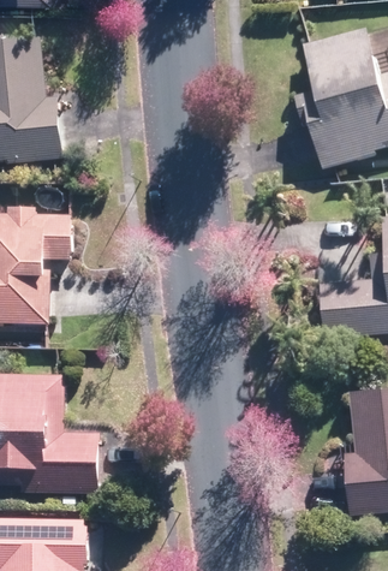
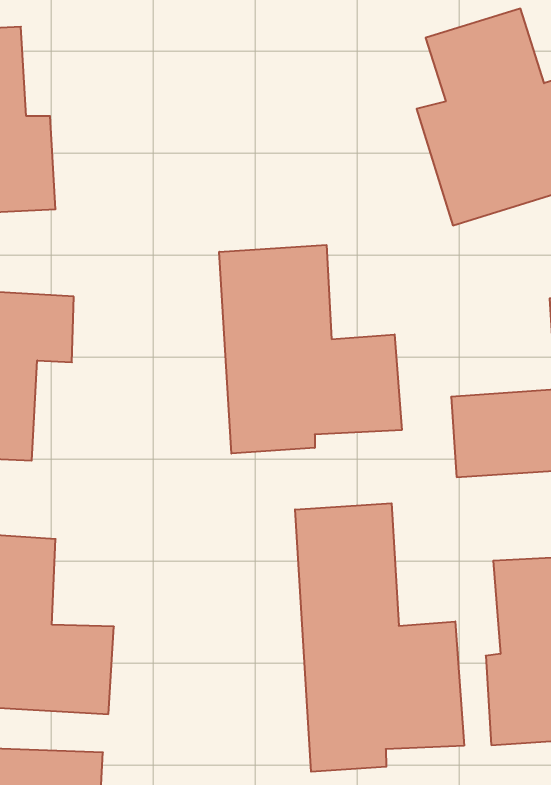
building: none -> [219,245,402,454]
building: none -> [295,503,464,772]

